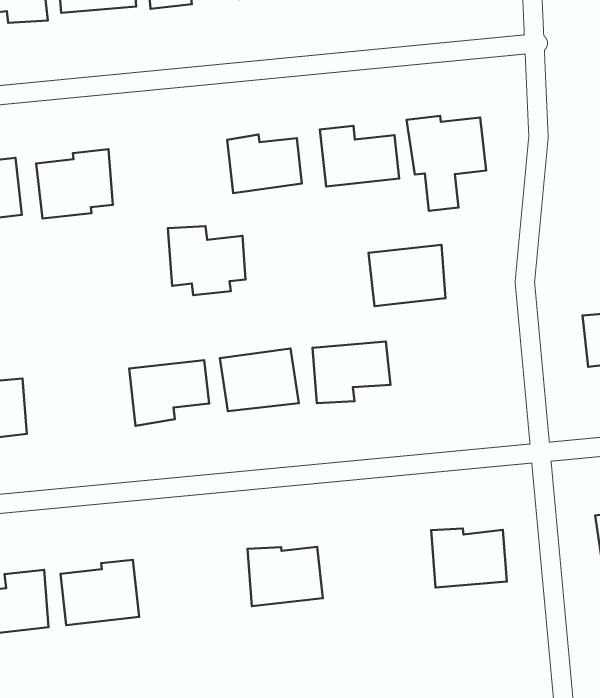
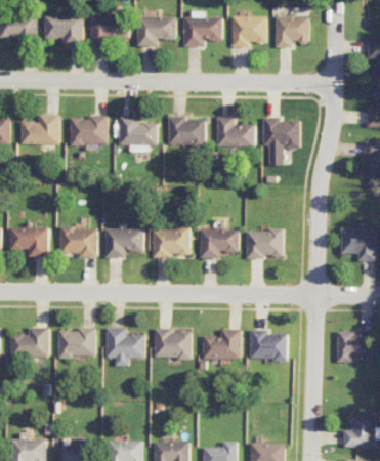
building: [168,226,245,295] -> [118,116,157,152]
building: [369,245,446,306] -> [245,230,283,258]
building: none -> [59,228,97,258]
building: none -> [202,330,241,360]
building: none -> [105,328,144,367]

